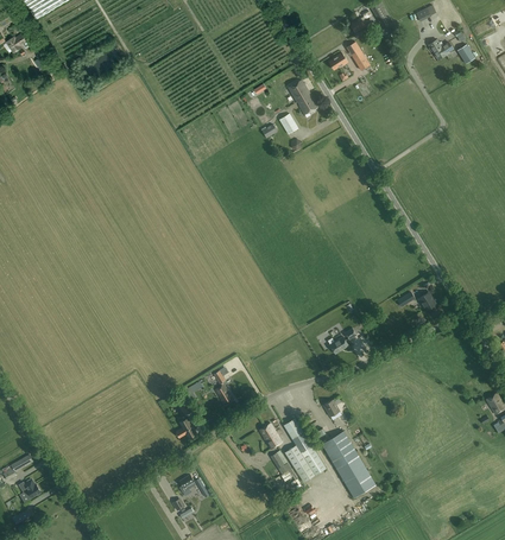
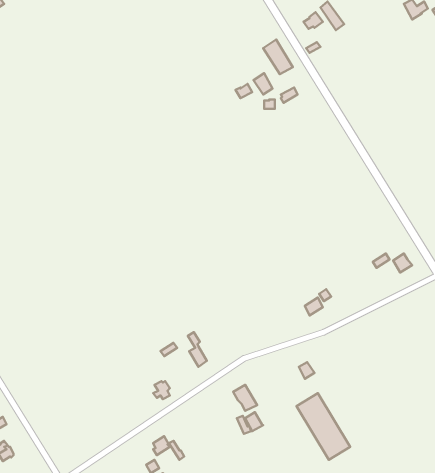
building: [283,418,326,482] -> none

